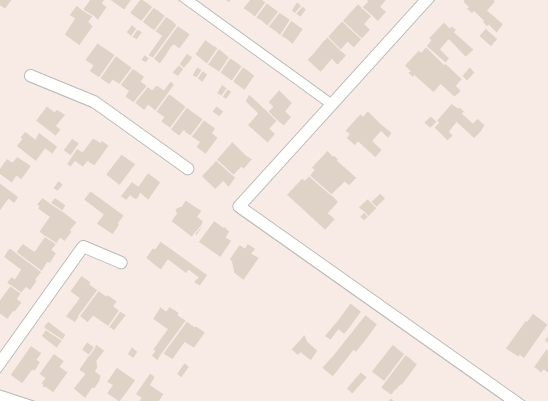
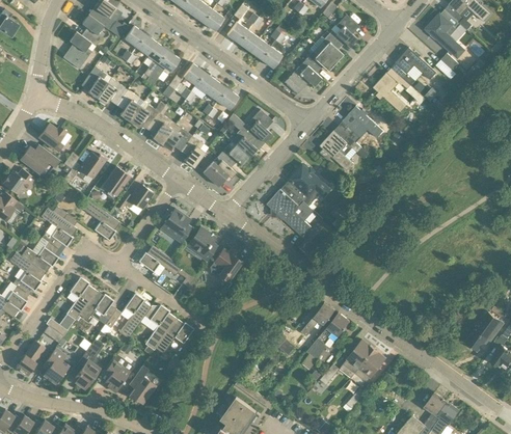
building: [434,103,485,141] -> [340,106,386,140]
building: [201,160,237,190] -> [217,141,249,168]
building: none -> [119,294,151,340]

